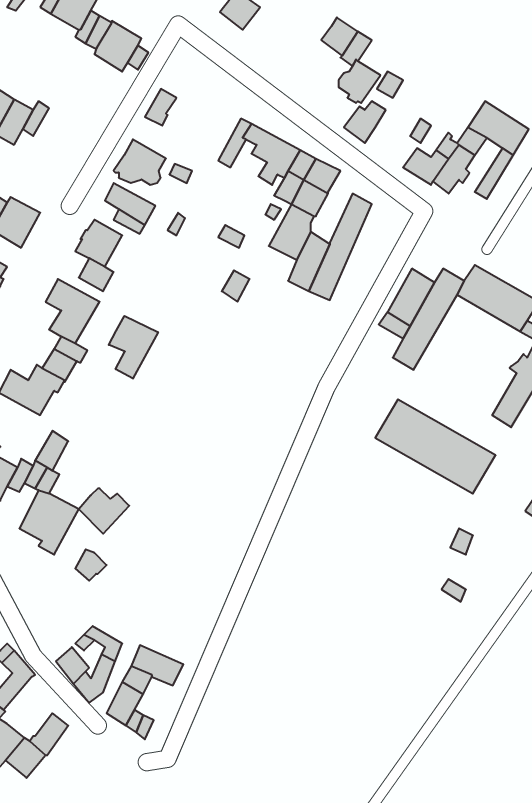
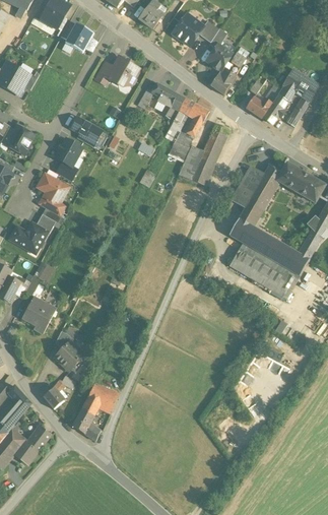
building: none -> [172,17,204,46]
building: [114,139,166,185] -> [108,58,138,84]
building: [109,316,158,379] -> none
building: none -> [229,218,309,275]
building: [79,488,129,534] -> [56,344,85,371]

